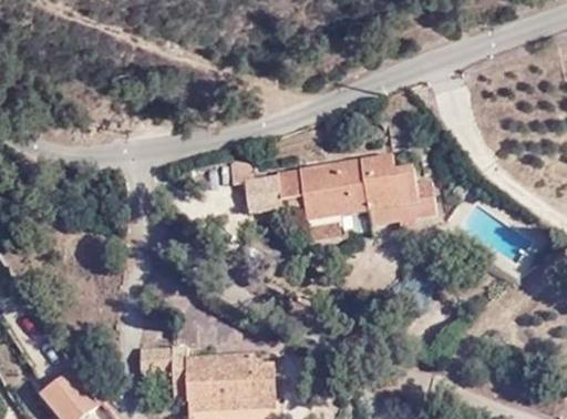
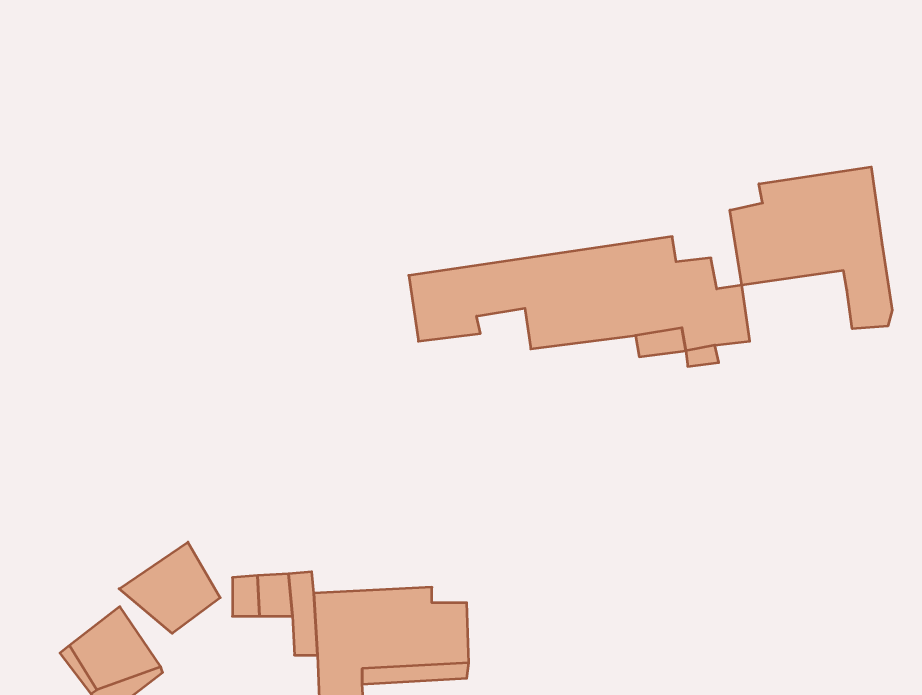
building: none -> [730,167,892,329]
building: none -> [119,542,220,633]

